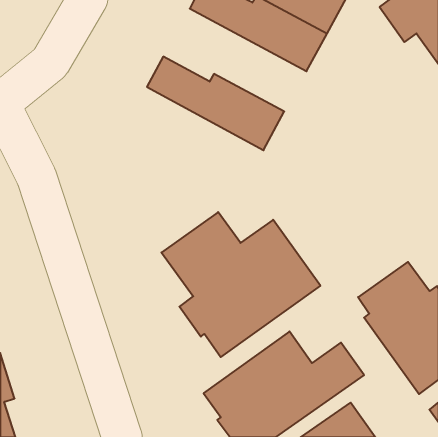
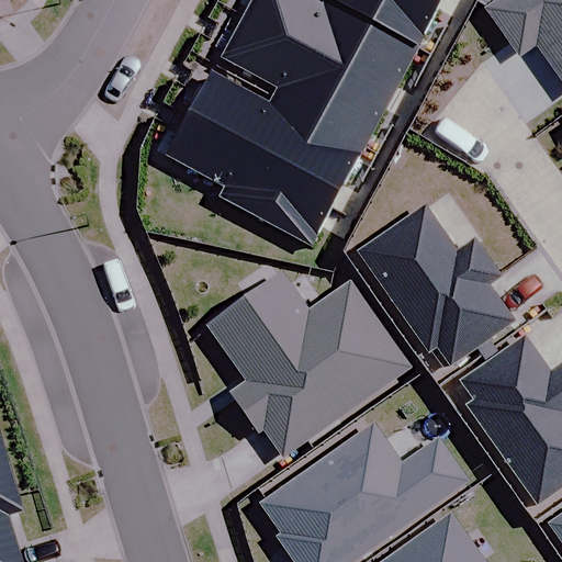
building: none -> [220,11,393,143]
building: none -> [165,111,338,244]
building: none -> [356,202,512,364]

